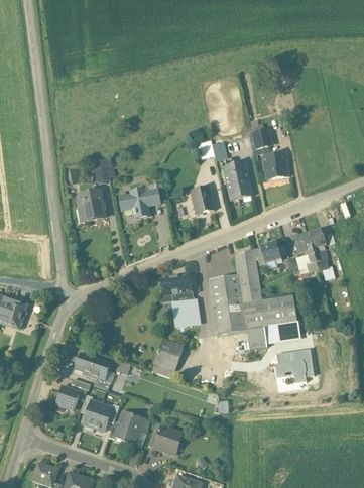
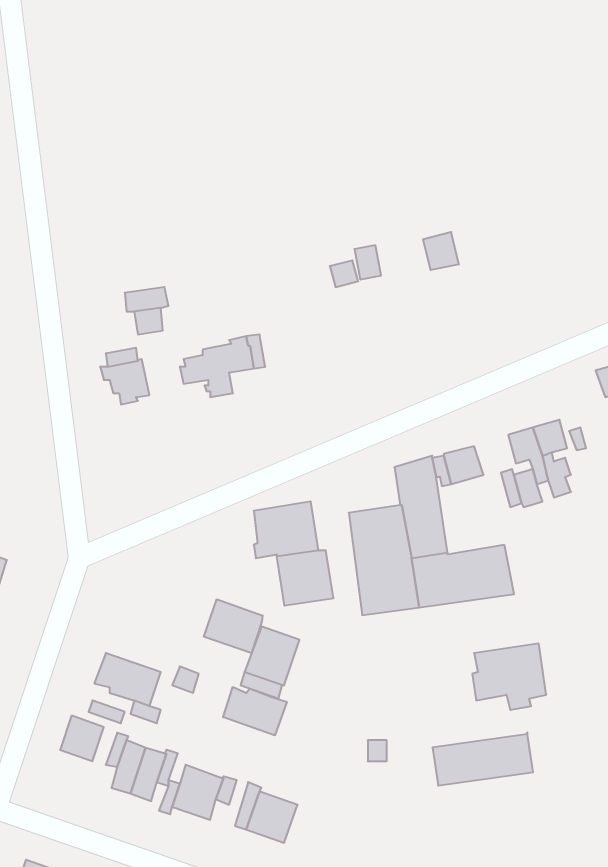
building: [262,153,288,178] -> none
building: [222,162,252,200] -> none
building: [190,187,214,214] -> none
building: [246,321,299,349] -> [432,732,533,786]
building: none -> [204,599,263,653]
building: none -> [223,687,287,735]

